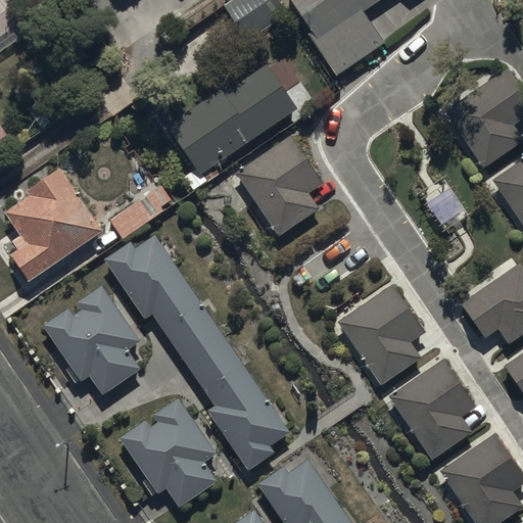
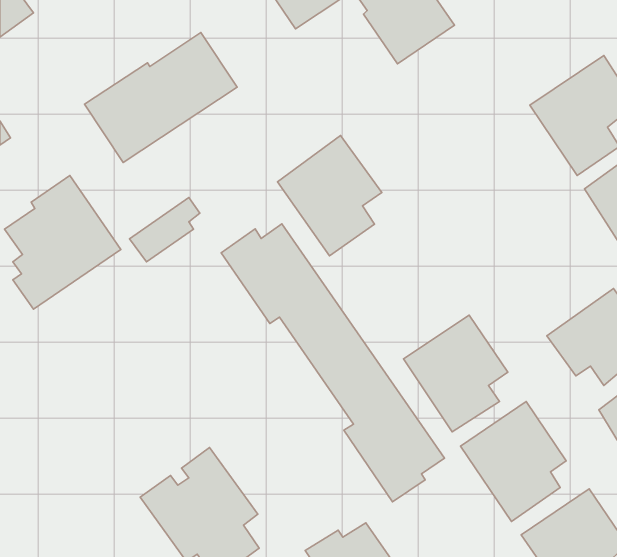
building: [169,64,297,174] -> [84,33,237,162]
building: [103,236,291,470] -> [221,224,445,502]
building: [44,285,141,395] -> none

